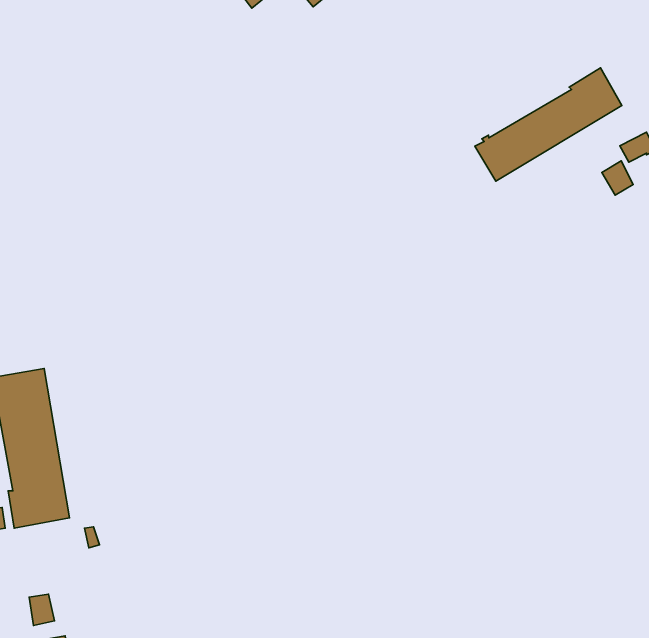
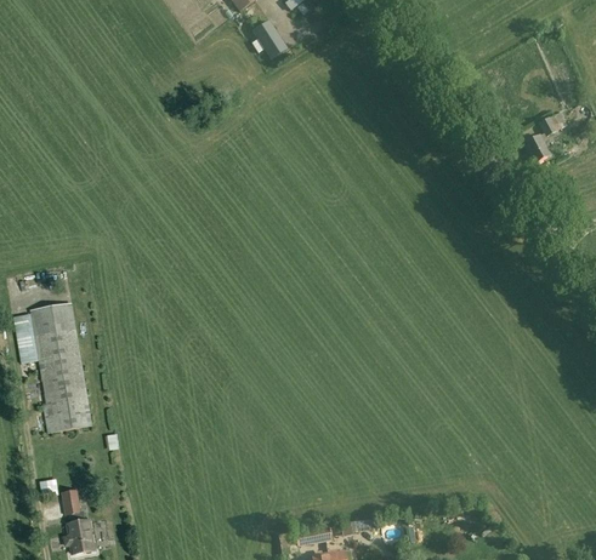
building: none -> [251,19,286,57]
building: [475,68,622,181] -> none

